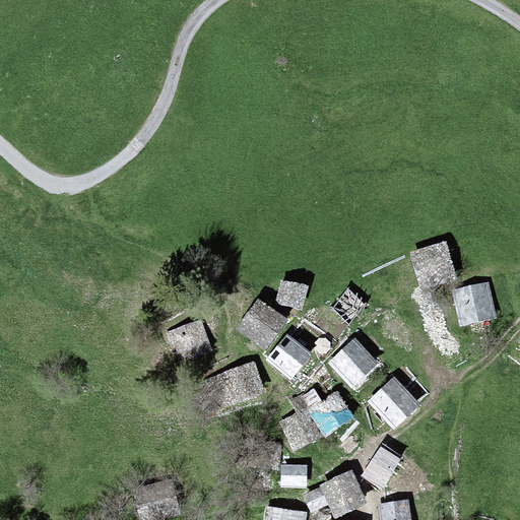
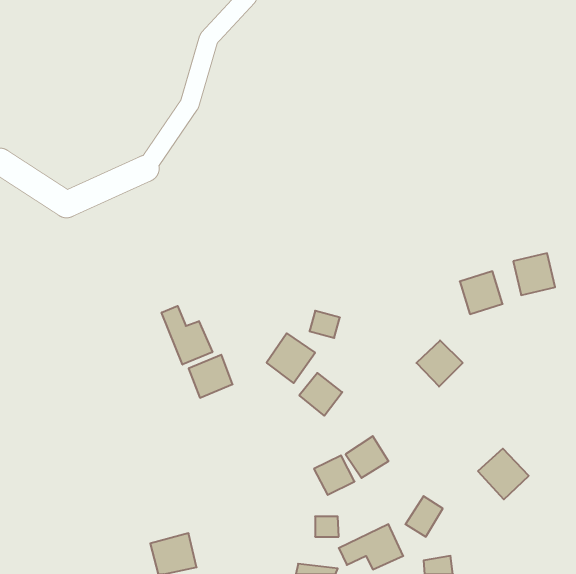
building: none -> [162,306,212,365]
building: [456,282,494,320] -> [513,253,555,295]
building: [333,339,375,381] -> [416,340,463,387]
building: [210,364,262,404] -> none
building: [372,378,417,424] -> [478,449,529,499]

